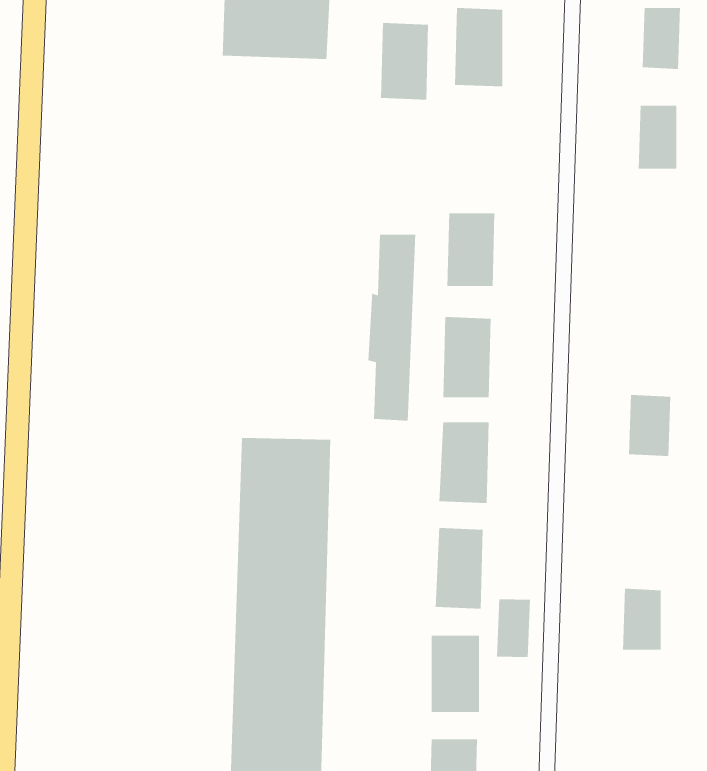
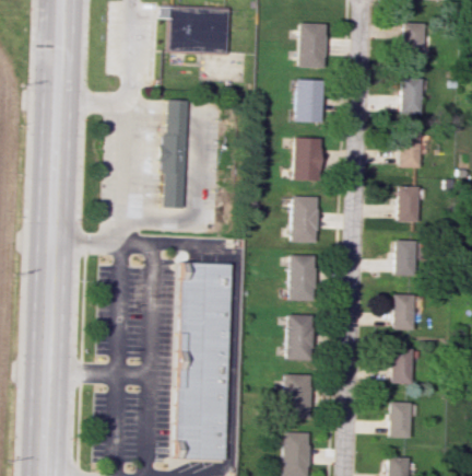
building: [380,22,429,100] -> [296,79,323,123]
building: none -> [400,132,422,167]
building: [367,234,416,421] -> [158,103,186,208]
building: none -> [398,186,420,222]
building: none -> [394,294,415,329]
building: [496,599,531,658] -> none
building: none -> [390,402,412,438]

